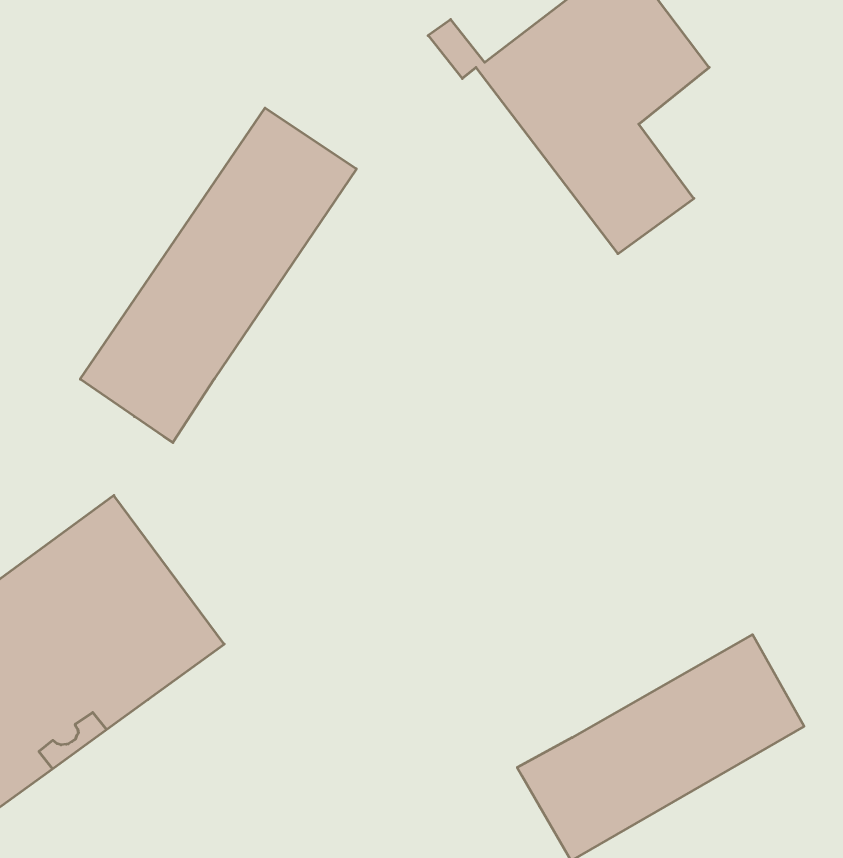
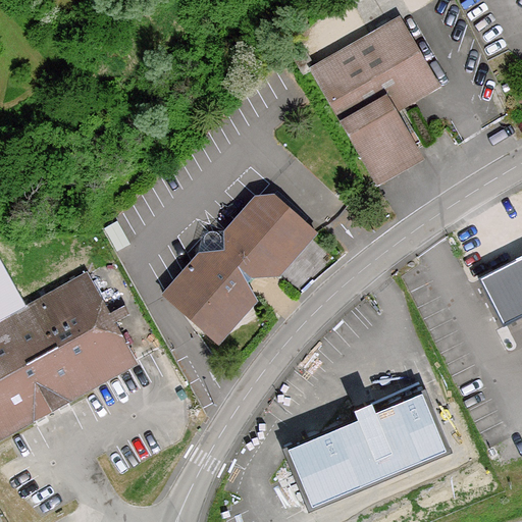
building: [80,108,356,443] -> none
building: none -> [178,201,302,328]

